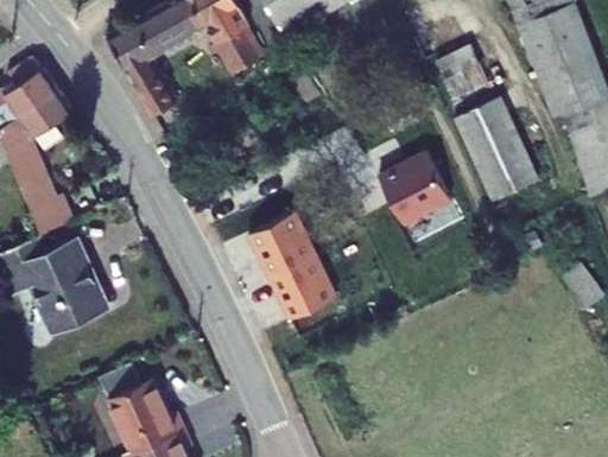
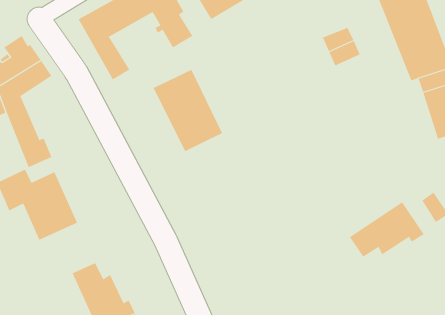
building: [454,99,538,203] -> none
building: [376,150,451,227] -> none
building: [243,210,337,320] -> [153,69,223,152]
building: none -> [349,202,424,257]

